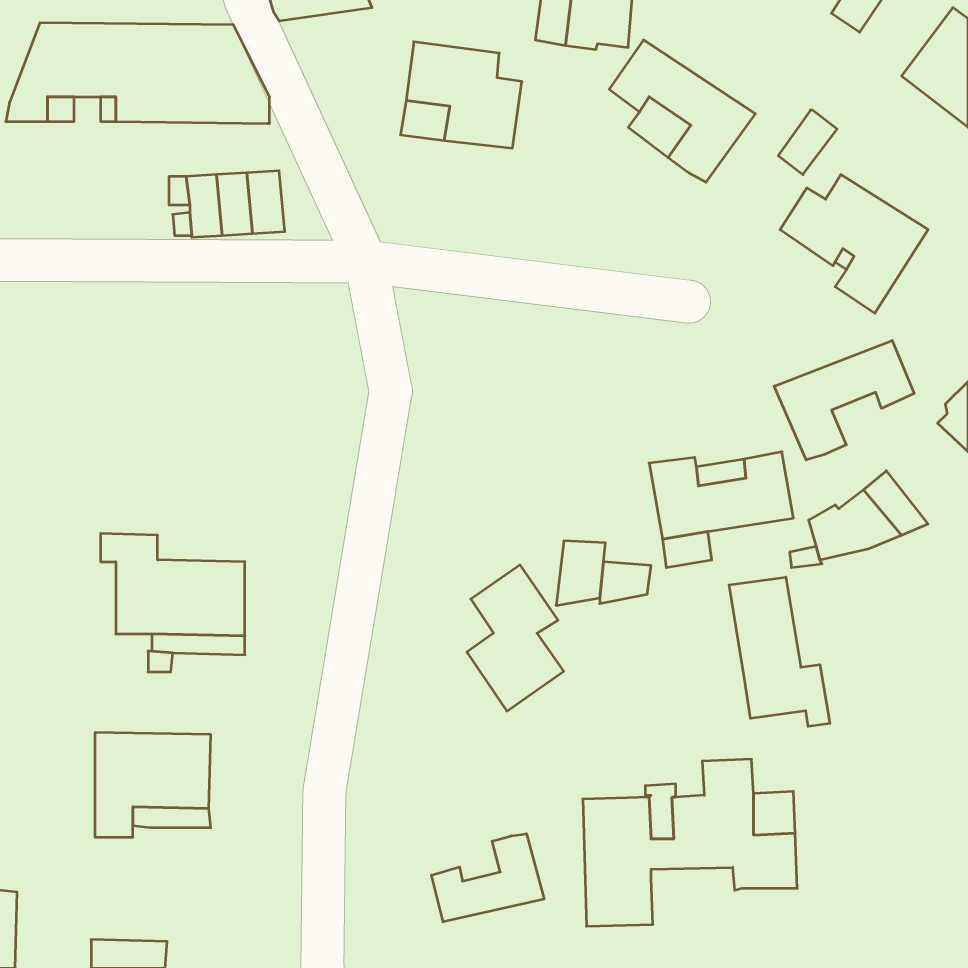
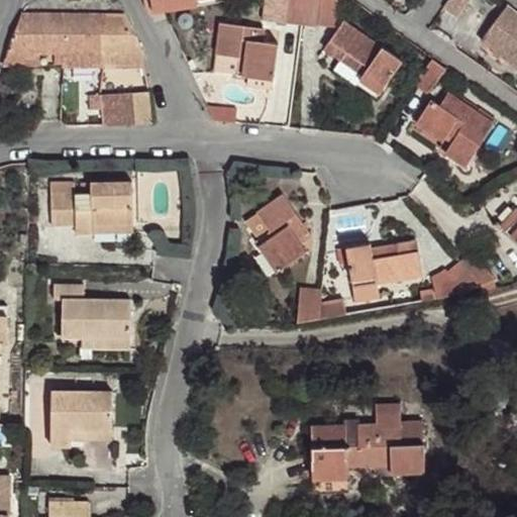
building: [774,340,914,460] -> none
building: none -> [50,182,132,233]
building: [467,565,564,711] -> [254,194,306,272]
building: [729,577,830,726] -> none
building: [431,834,544,922] -> none

